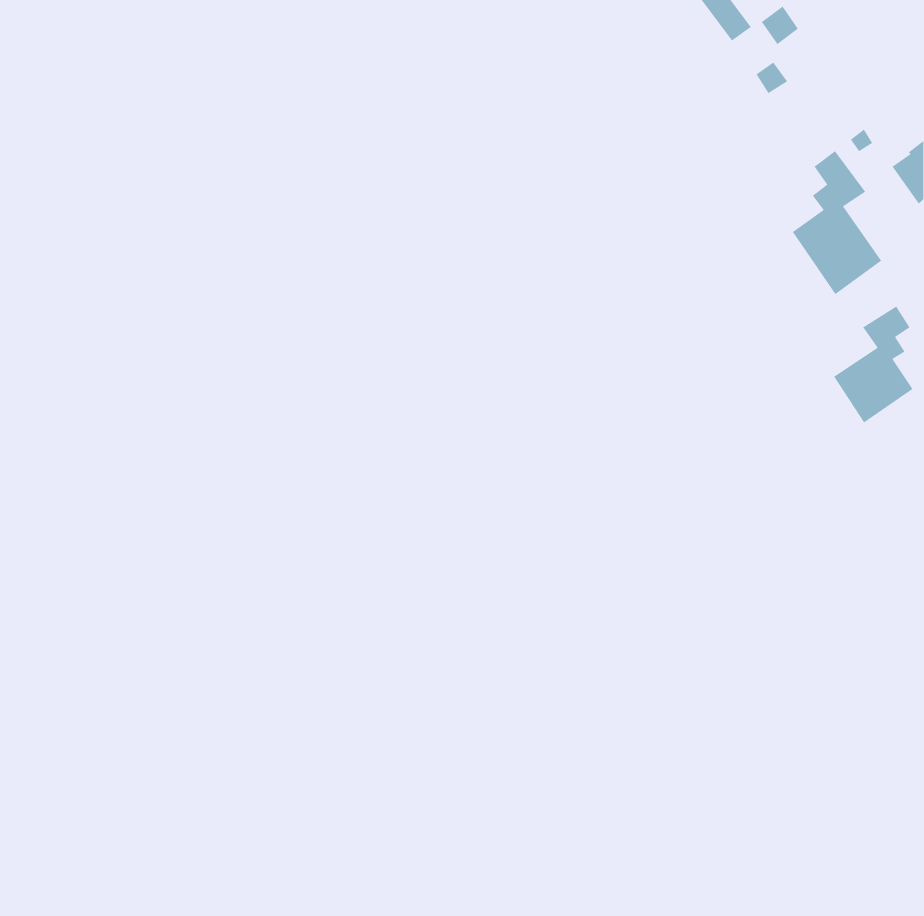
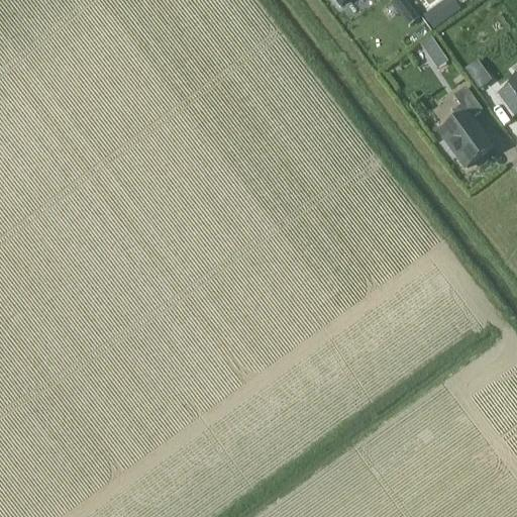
building: [833,306,913,423] -> none

